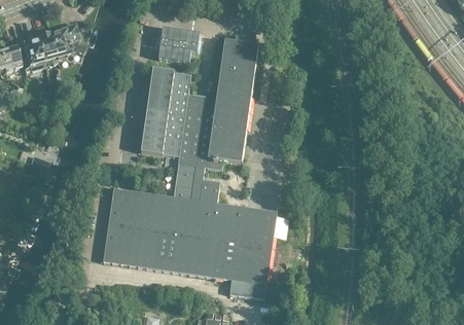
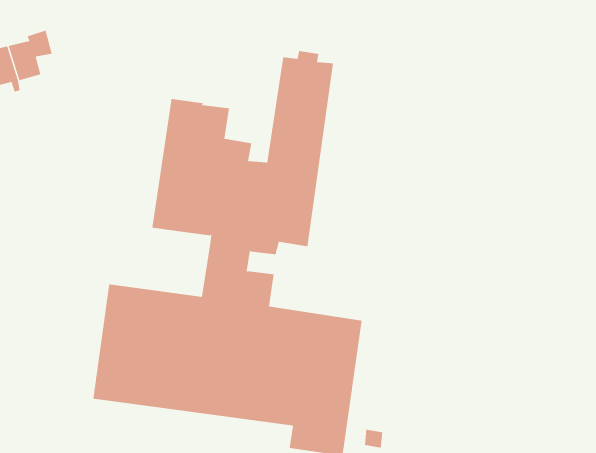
building: [157,27,199,63] -> none

